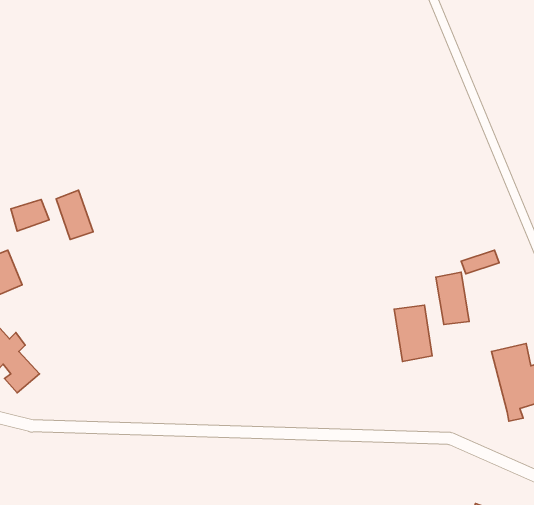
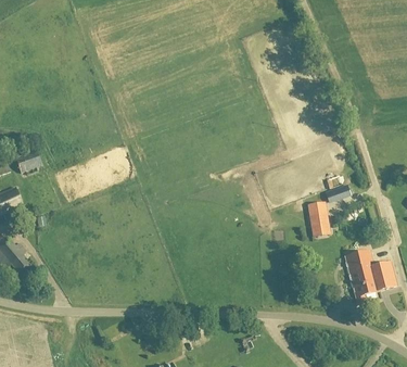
building: [56,190,93,239] -> none
building: [394,305,432,362] -> none

